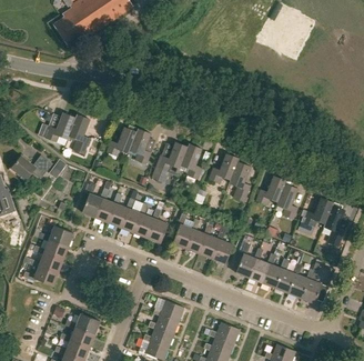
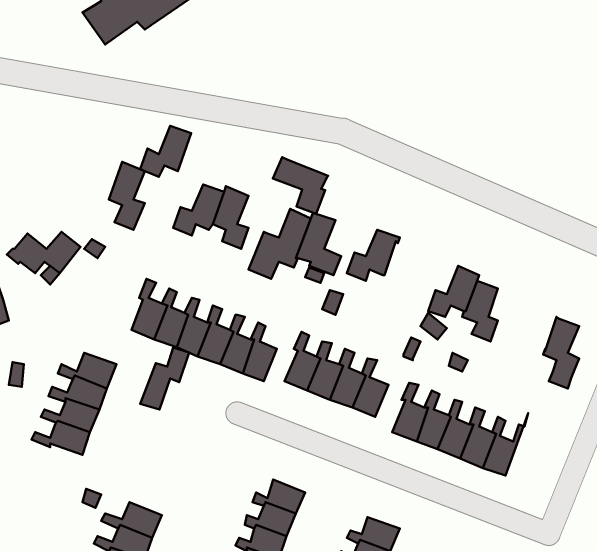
building: none -> [273,157,328,214]
building: [46,112,75,142] -> [140,126,191,177]
building: [229,160,251,201] -> none
building: [303,197,334,227] -> none
building: none -> [140,347,189,410]
building: [302,261,328,303] -> none

